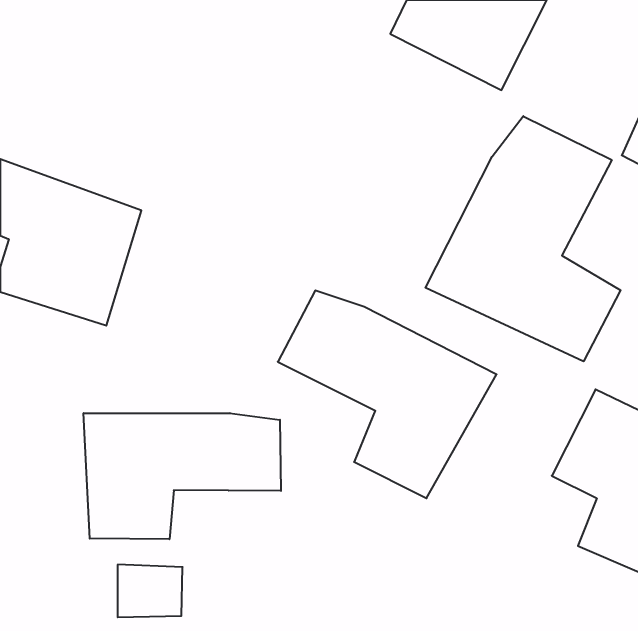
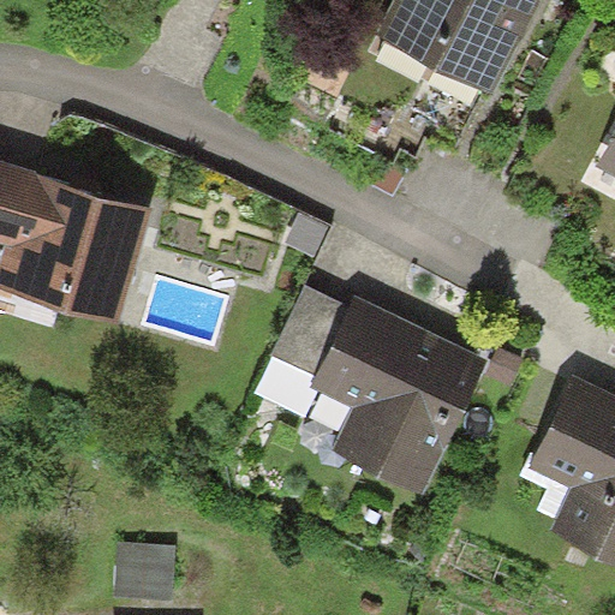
building: [425,116,621,361] -> none
building: [84,413,281,539] -> none

